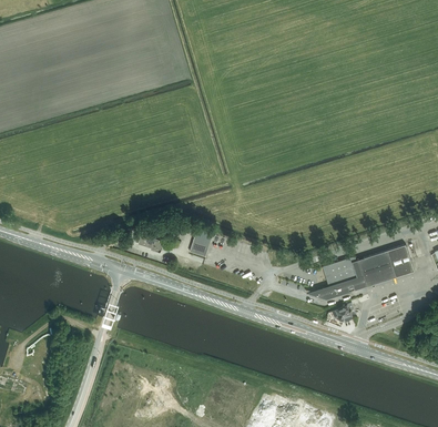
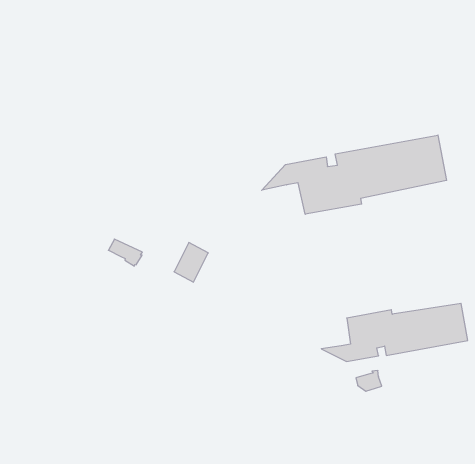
building: none -> [262,135,447,214]

